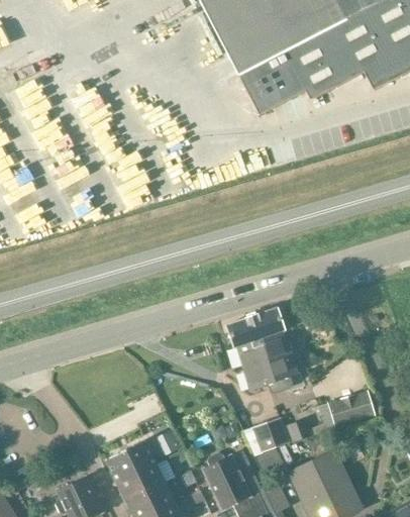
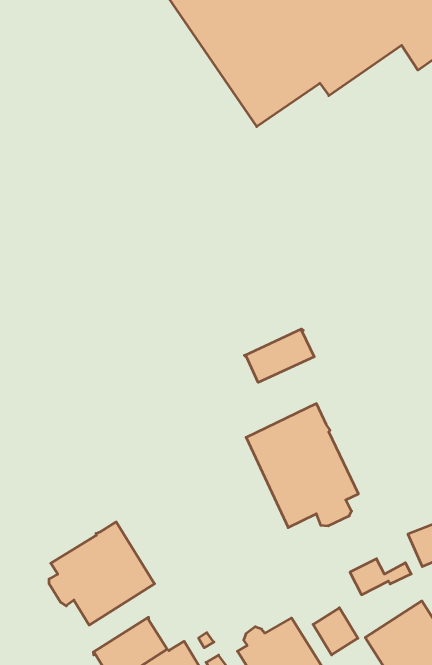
building: none -> [244,329,314,382]
building: none -> [49,522,155,625]
building: [252,419,288,451] -> none

